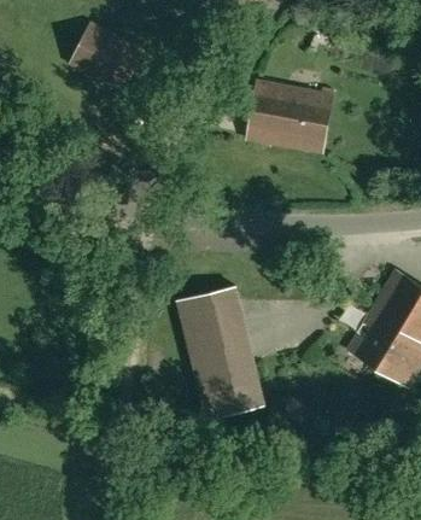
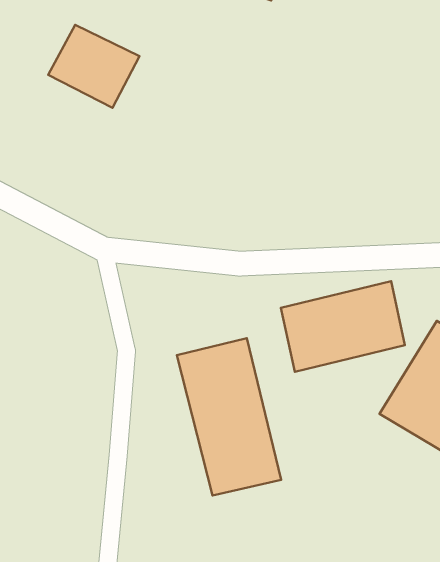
building: [247,80,333,152] -> none
building: none -> [281,281,405,372]

